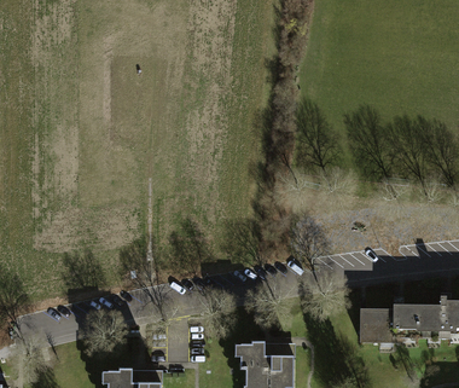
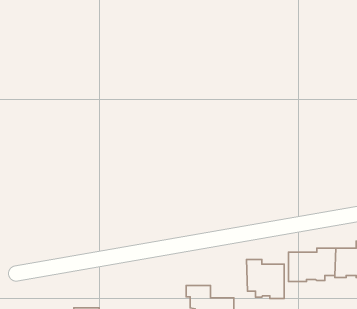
building: none -> [247,259,284,298]

